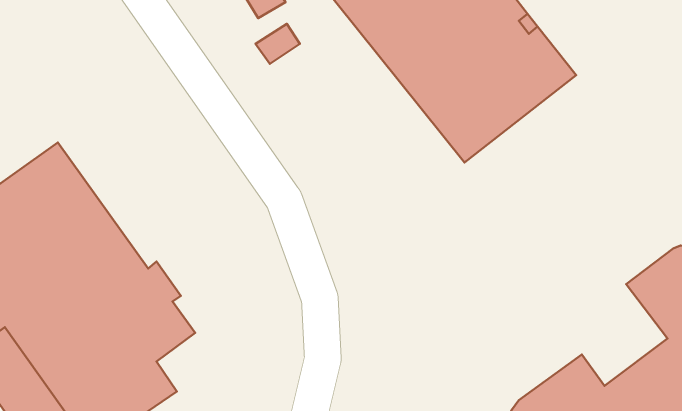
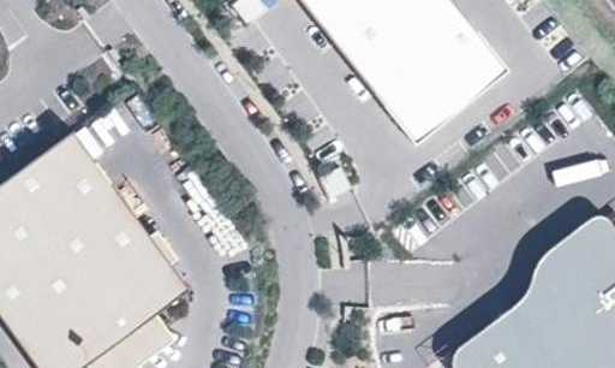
building: none -> [514,248,586,333]

